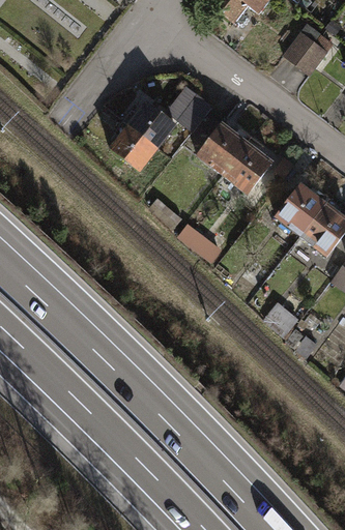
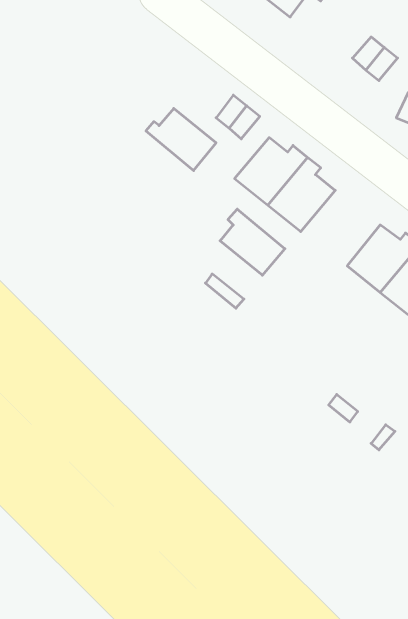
building: [114,114,165,166] -> [220,209,285,275]

